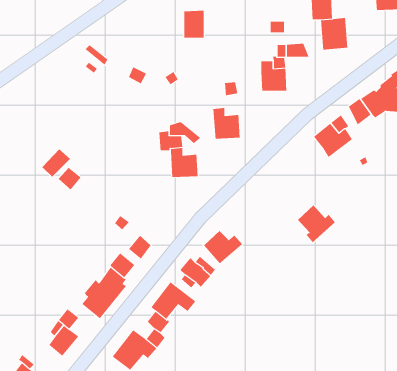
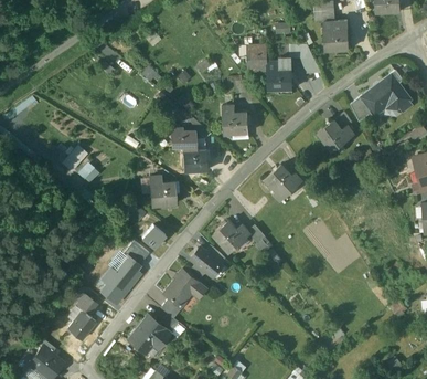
building: [183,10,205,38] -> [247,44,267,71]
building: none -> [149,176,175,206]
building: [297,205,336,243] -> [265,165,301,201]

